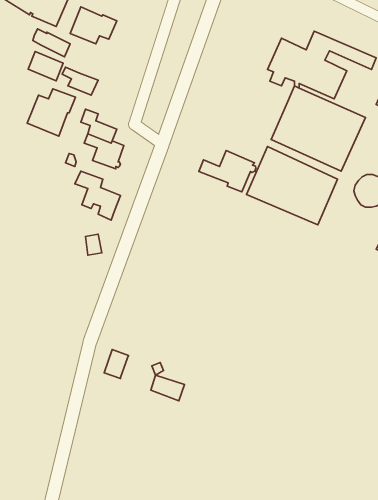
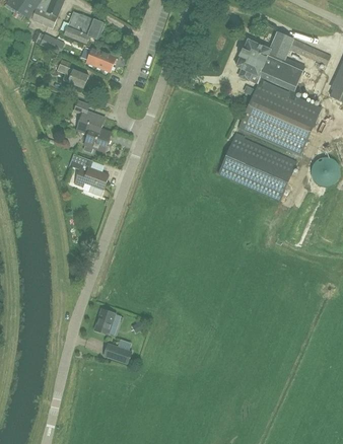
building: [28,52,63,81] -> [85,46,116,71]
building: [27,89,75,136] -> none
building: [199,151,256,192] -> none
building: [151,375,185,401] -> [102,342,132,364]

